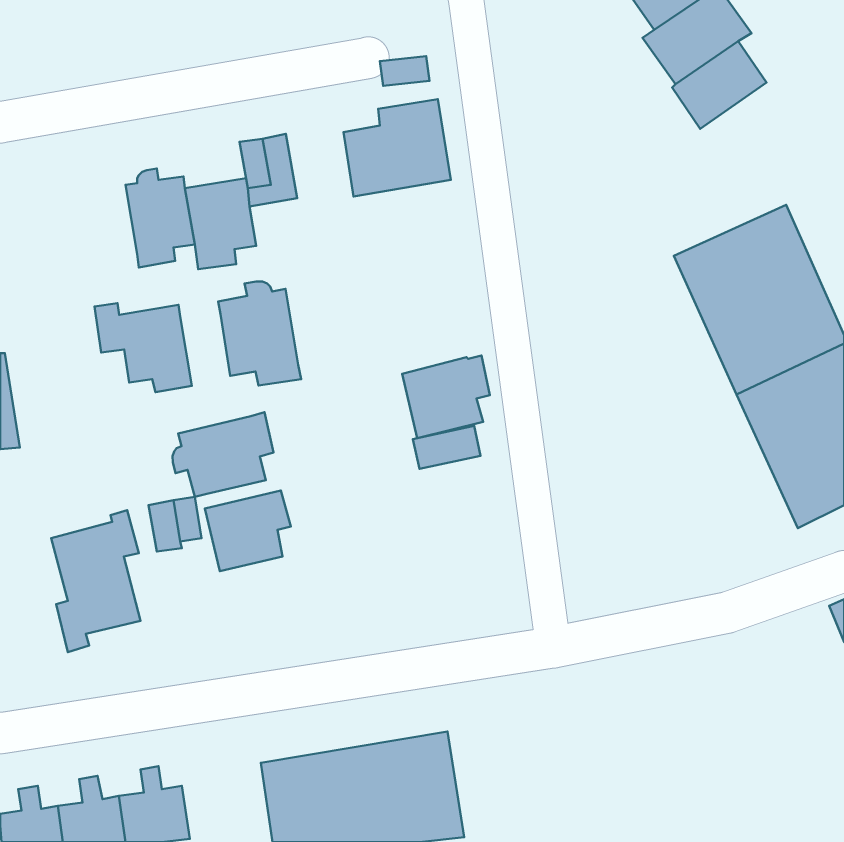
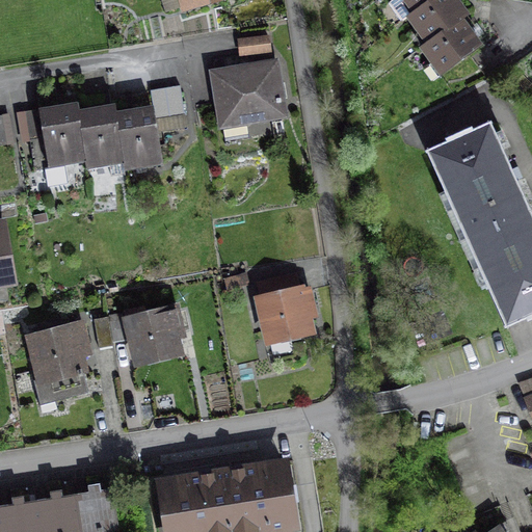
building: [218,281,301,386] -> none
building: [94,303,192,392] -> [25,108,86,164]
building: [402,356,490,438] -> [260,288,315,340]
building: [172,412,274,497] -> none

